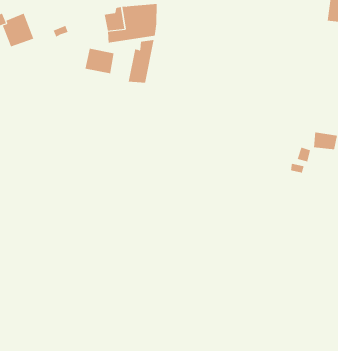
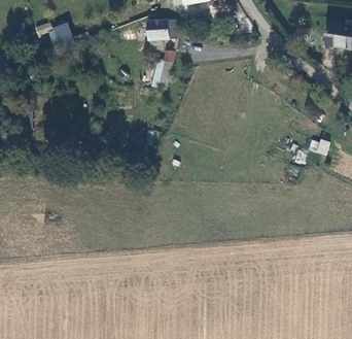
building: [85,48,114,74] -> none

